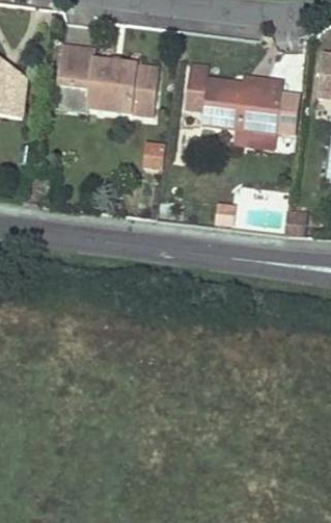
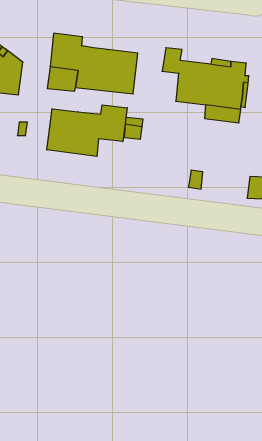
building: none -> [47,105,127,156]

